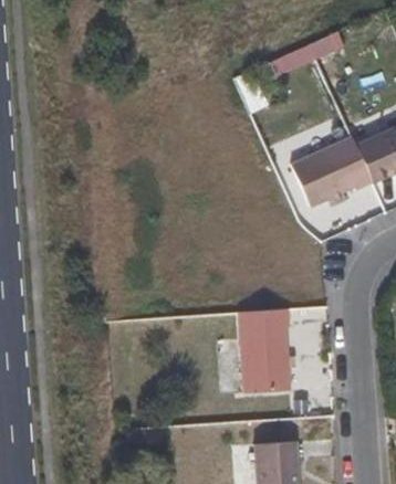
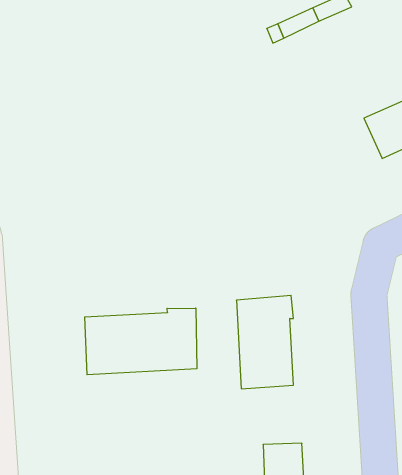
building: [291,137,372,207] -> none
building: none -> [85,308,197,375]

